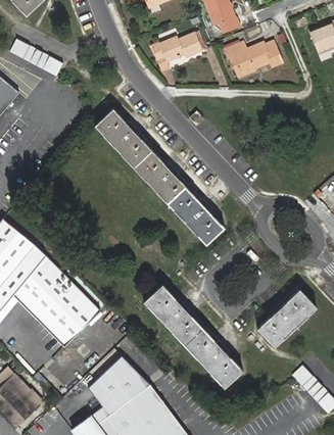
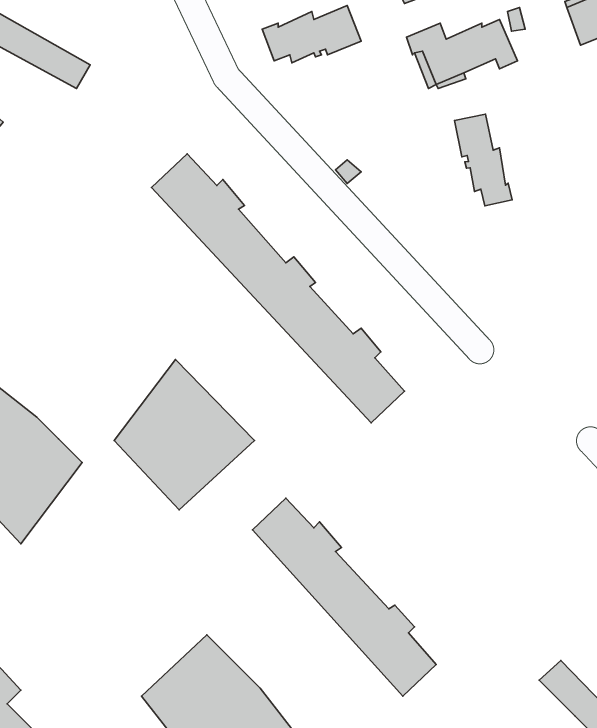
building: none -> [455,114,512,206]
building: [27,268,99,345] -> [114,359,254,510]
building: [256,290,314,347] -> none

